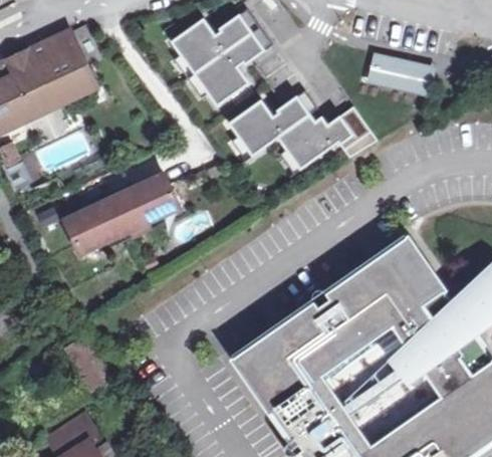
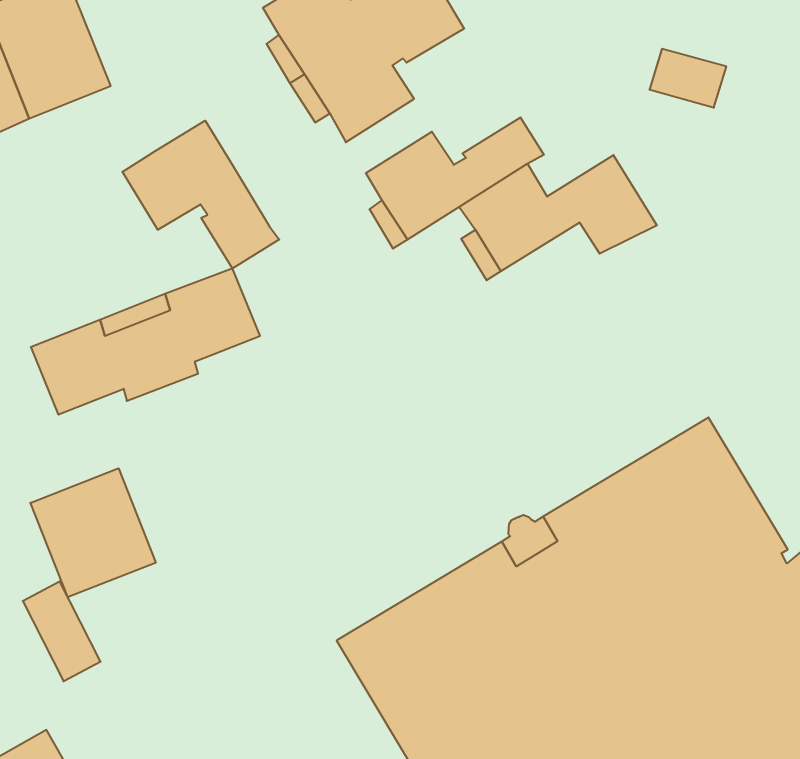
building: [366,56,437,94] -> none
building: none -> [122,121,279,268]
building: none -> [30,468,156,597]

